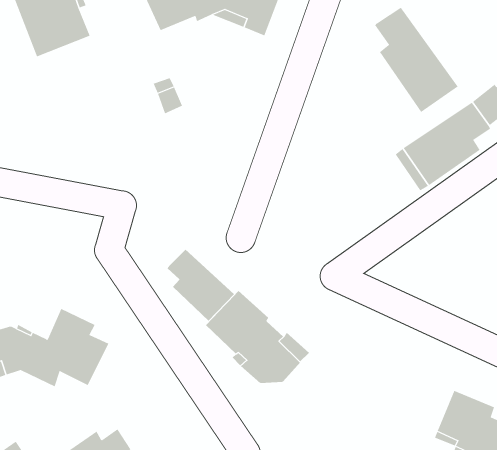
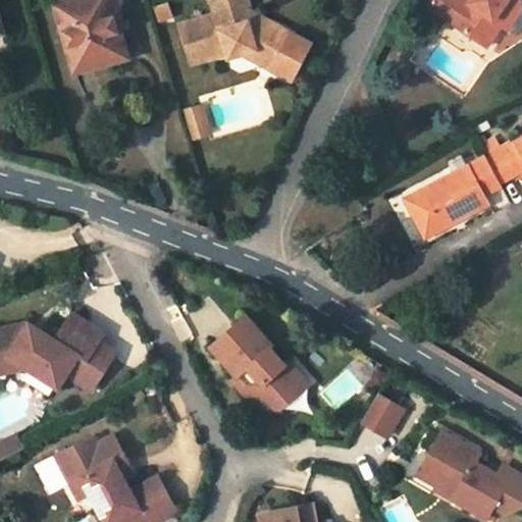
building: [374,7,458,113] -> none
building: [167,249,235,322] -> none
building: none -> [360,395,401,437]

